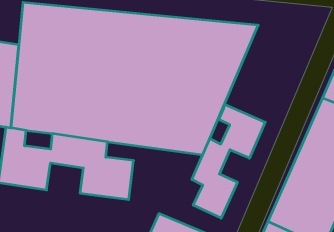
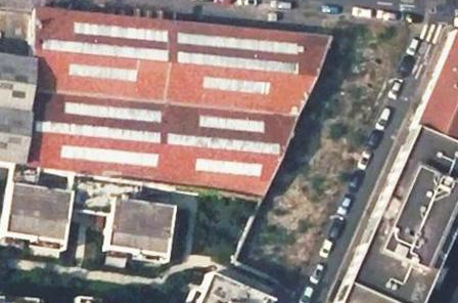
building: [192,104,265,218] -> none

